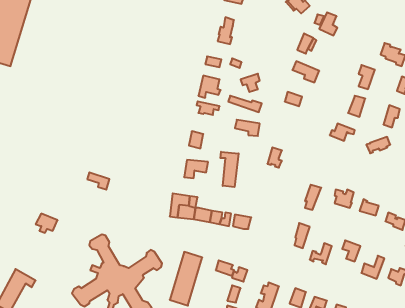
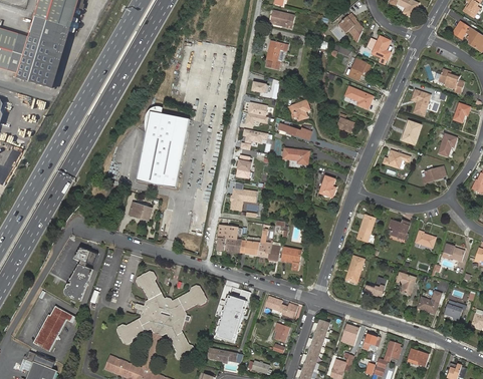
building: none -> [136,111,189,187]
building: [220,152,239,187] -> none
building: none -> [65,263,92,300]

